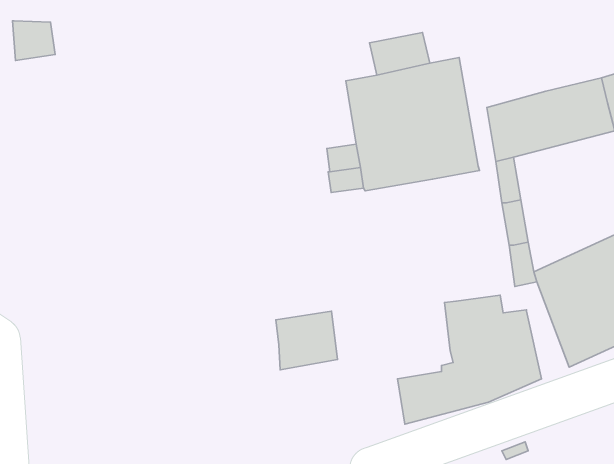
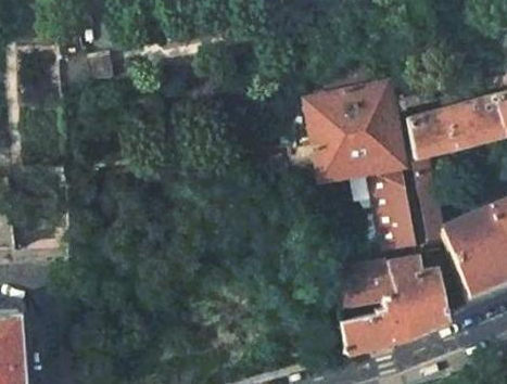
building: none -> [369,165,419,261]
building: [276,311,337,370] -> [337,263,382,306]

